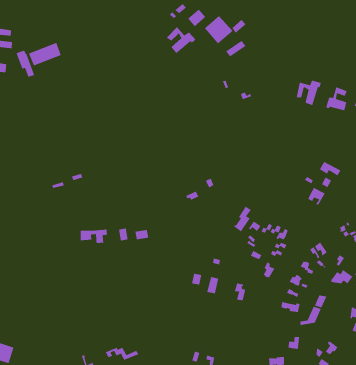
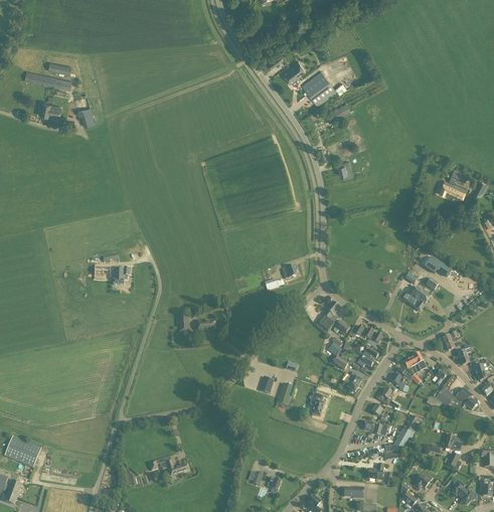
building: [166,26,196,54] -> none
building: [28,42,62,67] -> none
building: [296,80,322,106] -> none
building: [80,229,108,244] -> [94,266,128,284]

